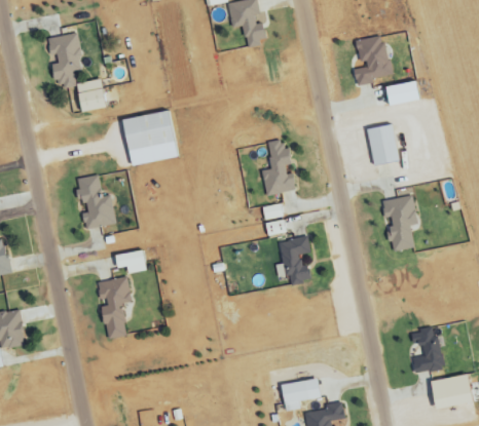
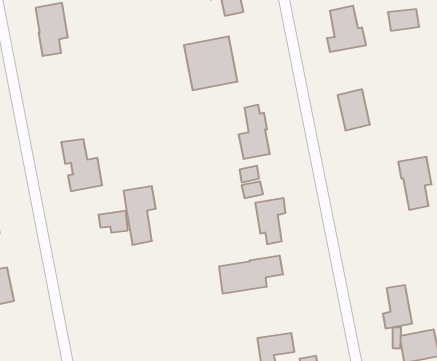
building: [75,79,104,111] -> none
building: [384,81,417,104] -> [388,9,419,31]
building: [121,109,178,165] -> [184,36,238,90]
building: [382,195,417,250] -> [398,157,432,210]
building: [98,277,132,339] -> [124,186,156,245]
building: none -> [219,255,283,294]

